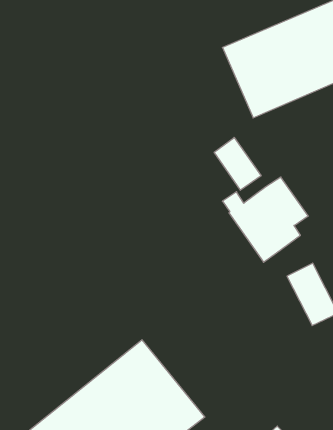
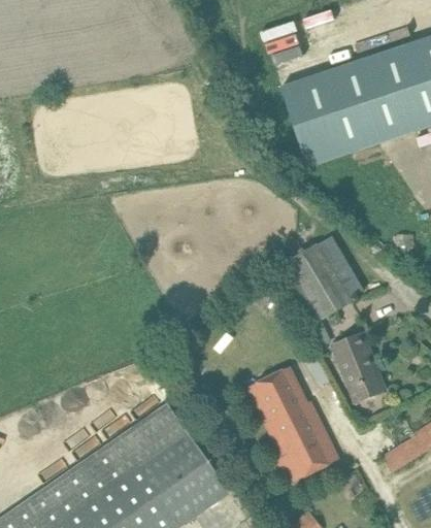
building: [214,137,261,190] -> none
building: none -> [247,367,339,484]

